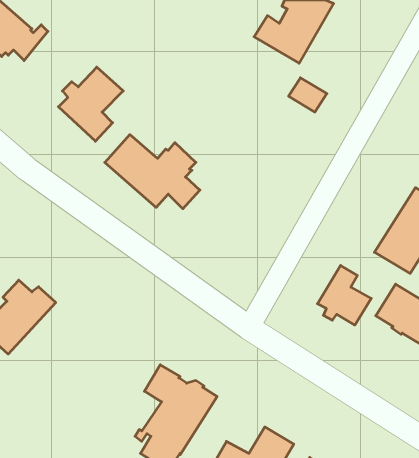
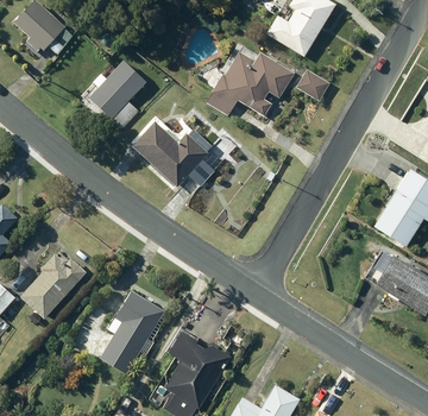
building: none -> [206,51,294,116]
building: [317,265,371,325] -> none
building: none -> [97,290,163,374]

